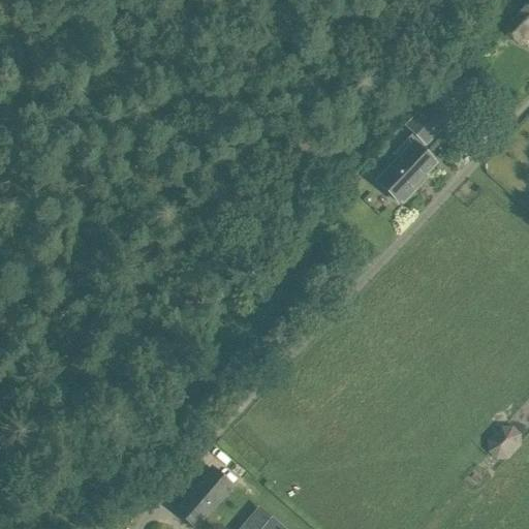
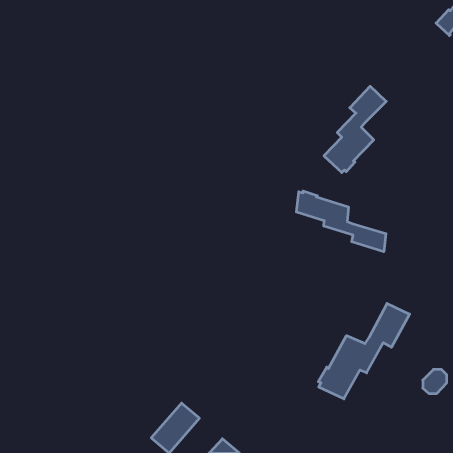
building: none -> [296,191,386,252]
building: none -> [318,303,410,399]

